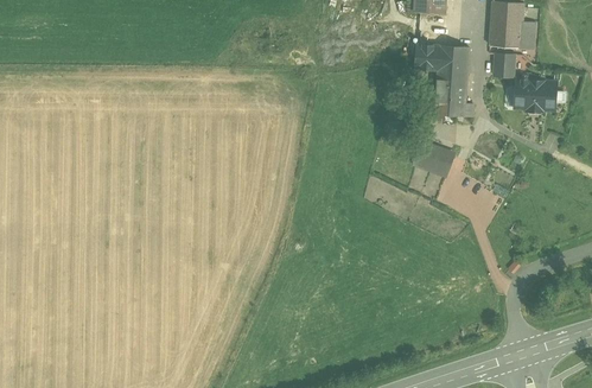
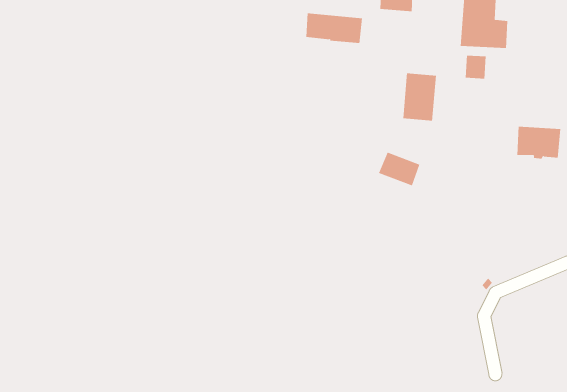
building: [416,44,470,72] -> [305,13,363,44]
building: [515,79,556,110] -> [517,126,561,159]

